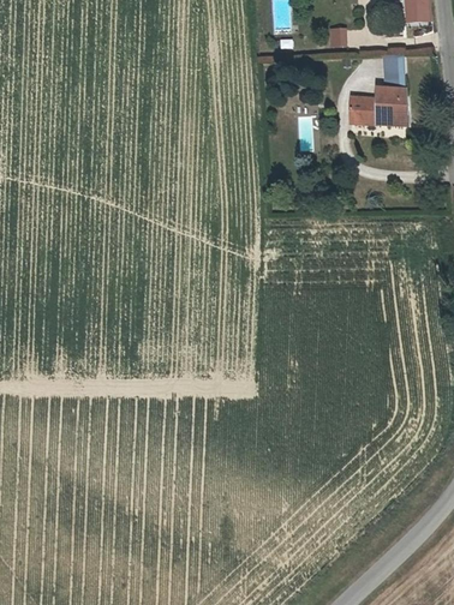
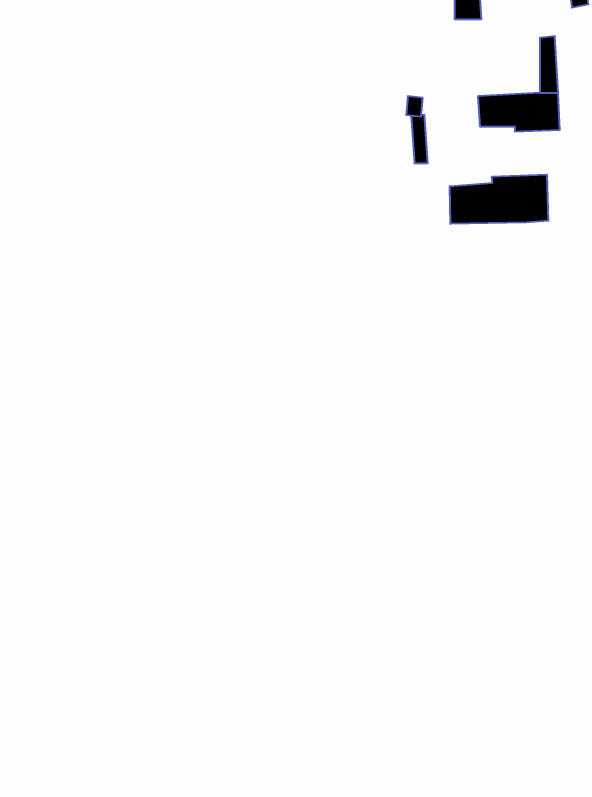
building: none -> [450,175,548,224]

